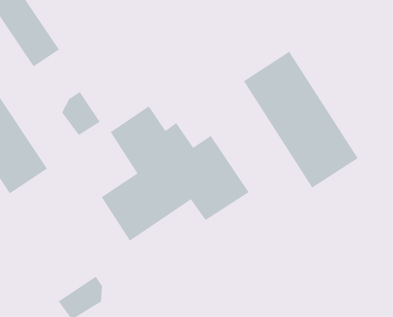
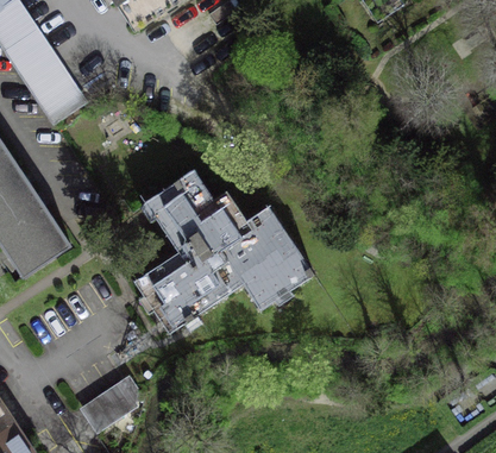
building: [243,51,358,189] -> none
building: [61,91,101,136] -> none

